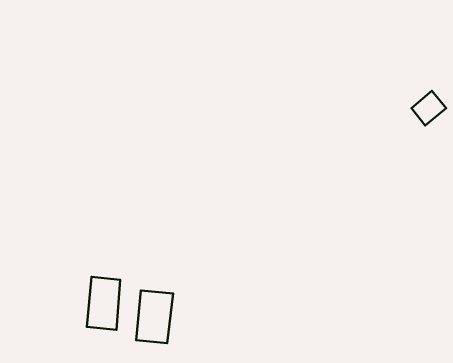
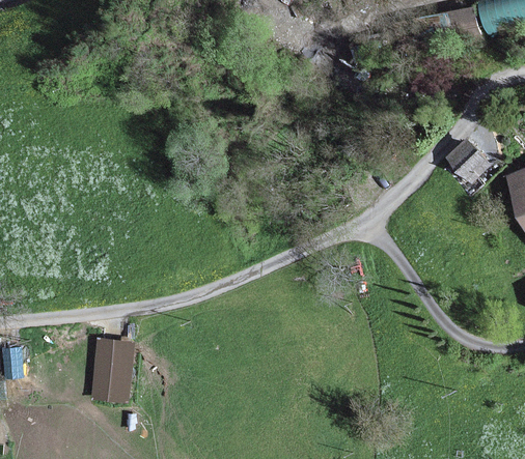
building: [136,290,173,343] -> none

